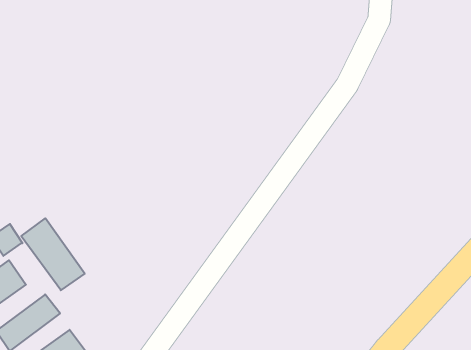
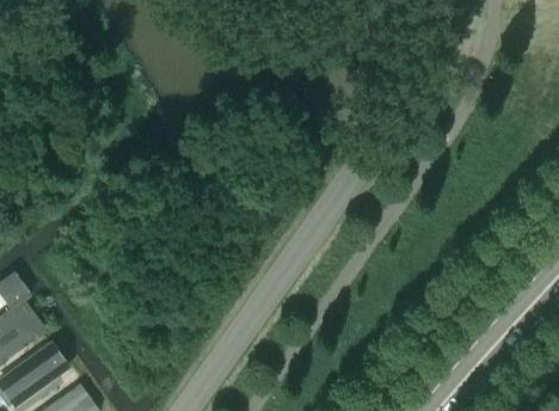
building: [21,218,85,290] -> none

